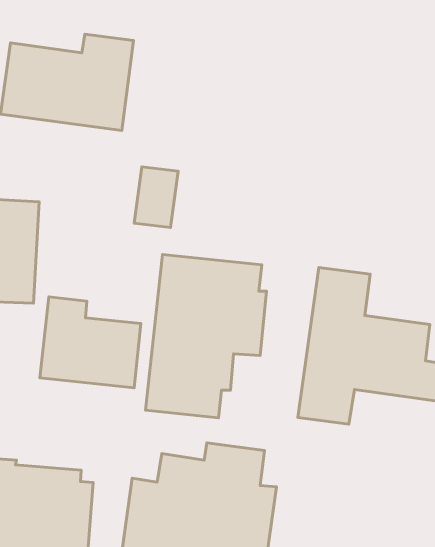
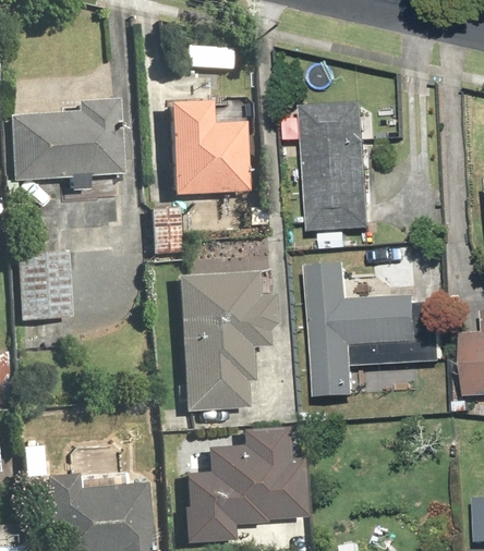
building: none -> [167,101,253,193]
building: none -> [310,103,373,233]
building: [40,297,141,388] -> none

